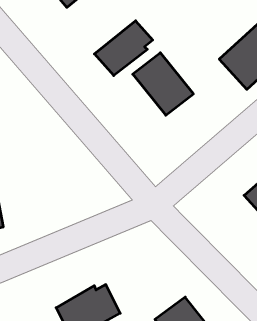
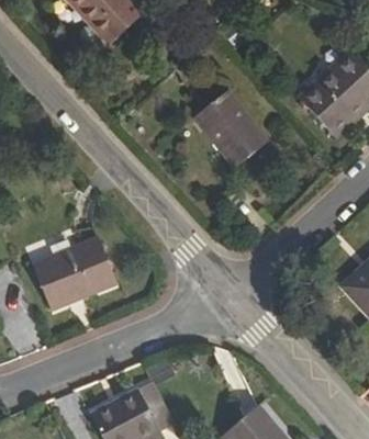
building: [94,21,153,76] -> none
building: none -> [38,236,122,303]

